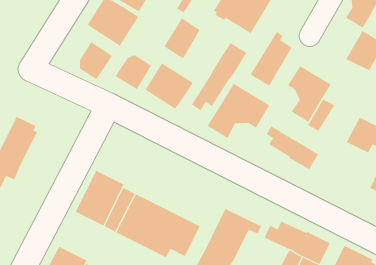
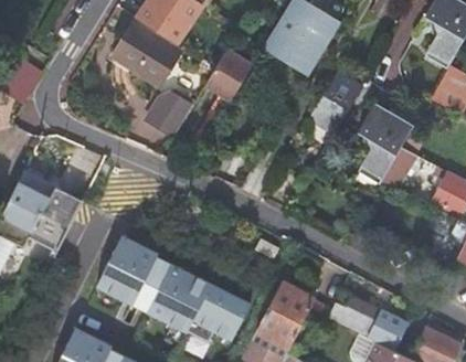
building: [79,41,113,80] -> none
building: [191,42,247,111] -> none
building: [145,63,193,110] -> none
building: [207,83,270,139] -> none
building: [266,126,319,170] -> none
building: none -> [30,183,85,252]

